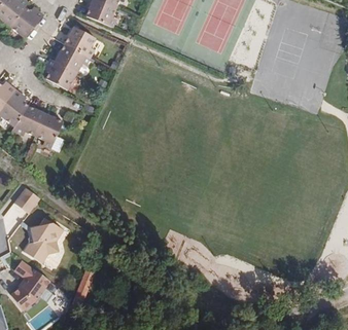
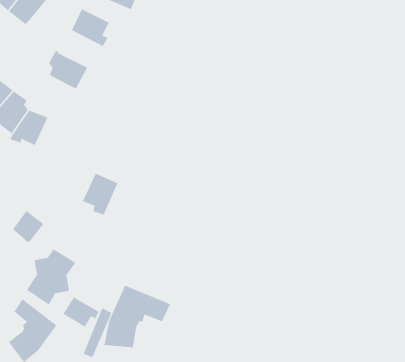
building: [54,44,89,74] -> none
building: [34,114,63,148] -> [82,173,118,215]
building: none -> [104,285,171,348]
building: none -> [63,297,99,328]

